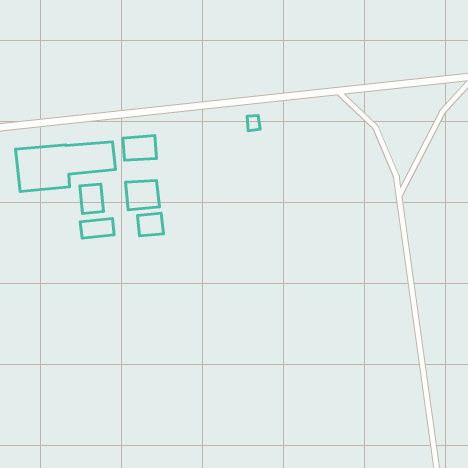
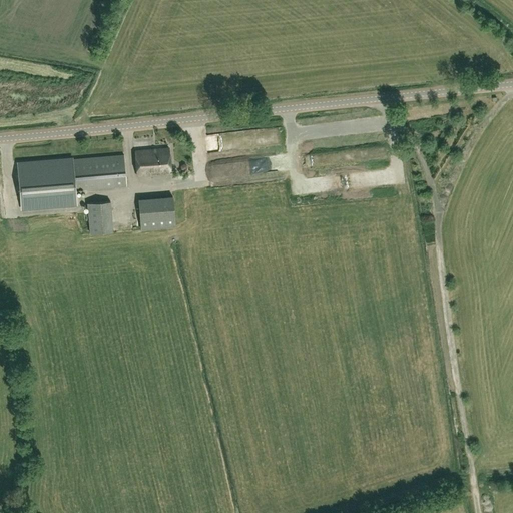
building: [137,213,163,236] -> none
building: [80,219,114,238] -> none

